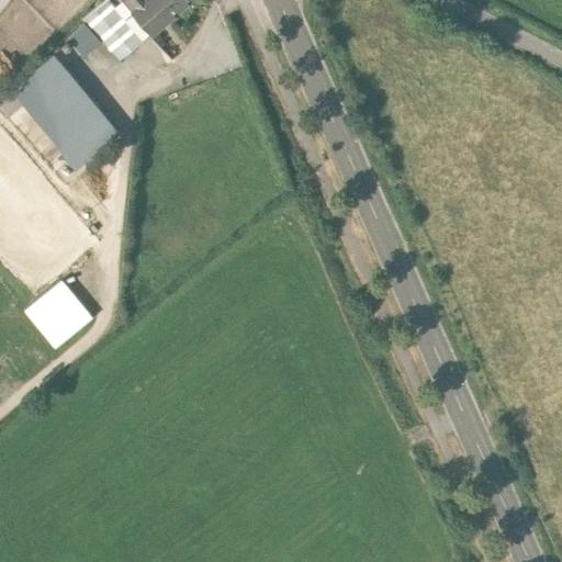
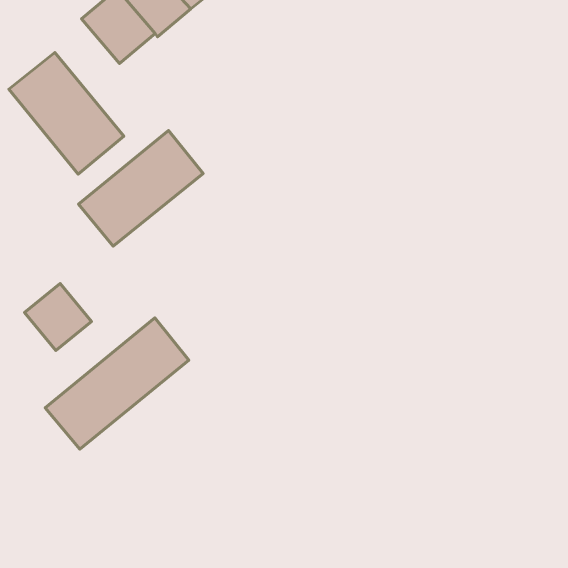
building: none -> [78,131,203,246]
building: none -> [45,318,189,449]

